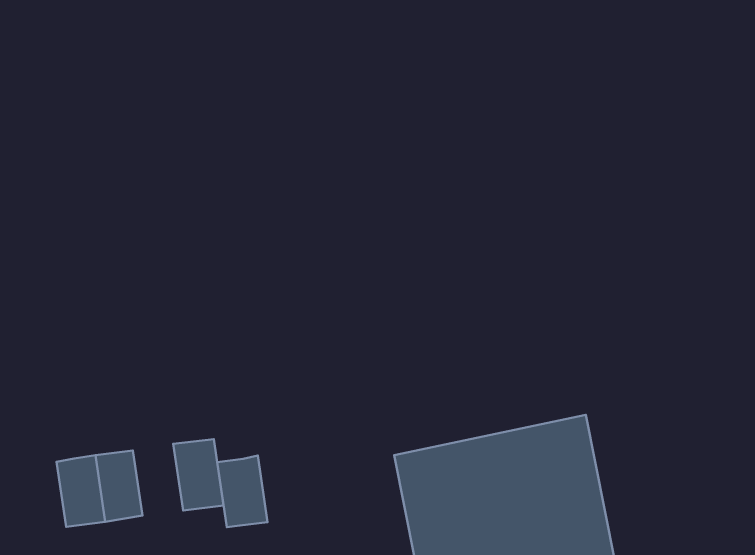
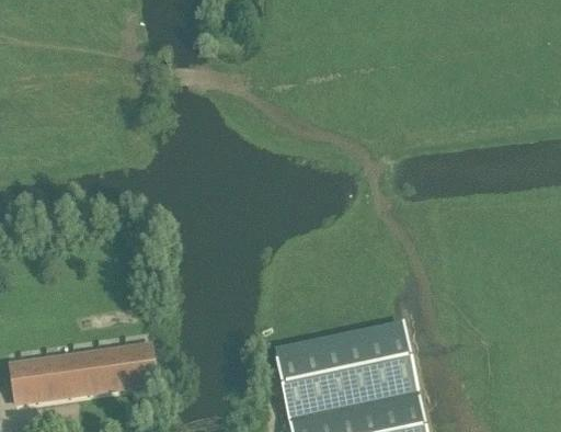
building: [217,456,268,527] -> [96,344,130,393]
building: none -> [19,356,51,405]

